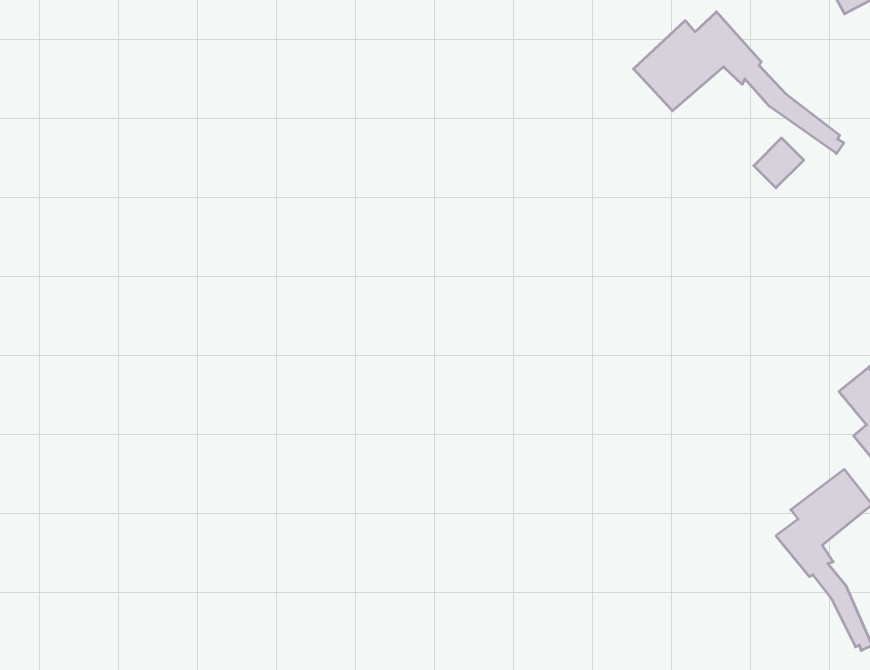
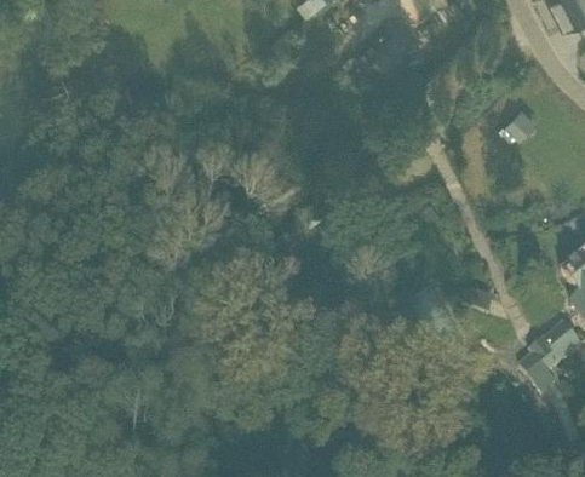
building: [633,12,844,154] -> none

